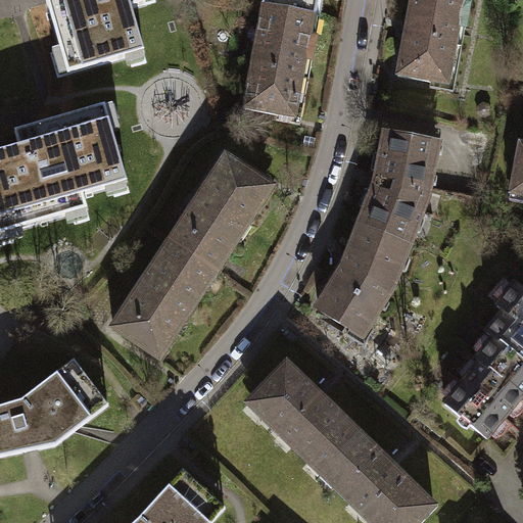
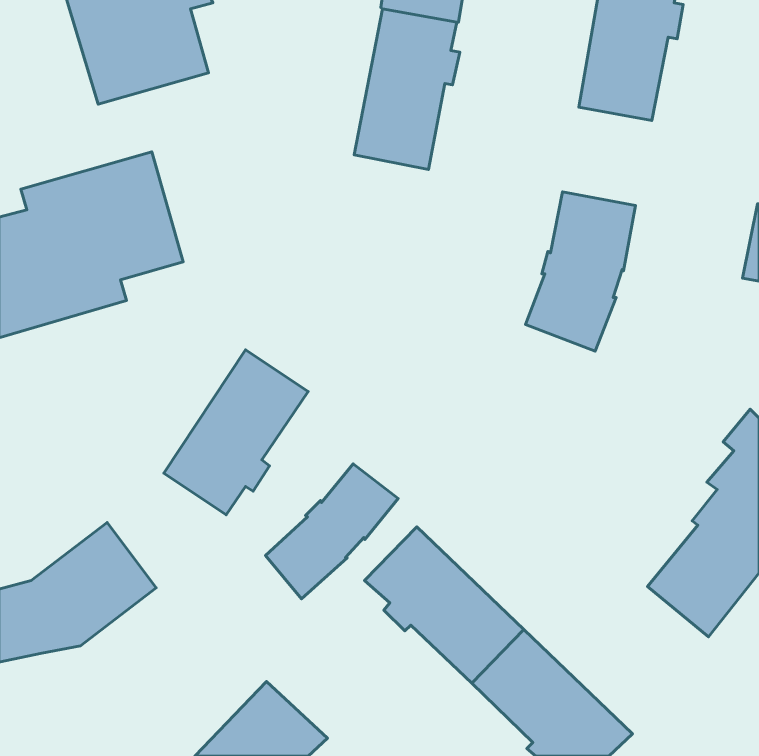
building: [169,154,269,269] -> none
building: [318,223,409,334] -> none
building: none -> [265,464,398,599]

